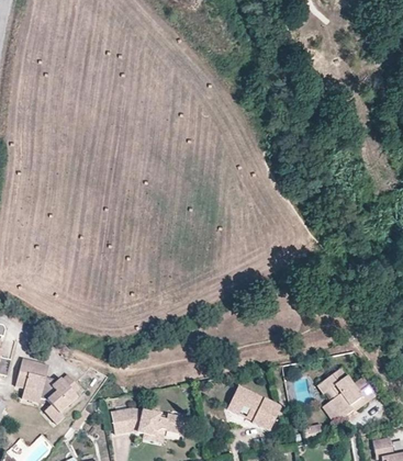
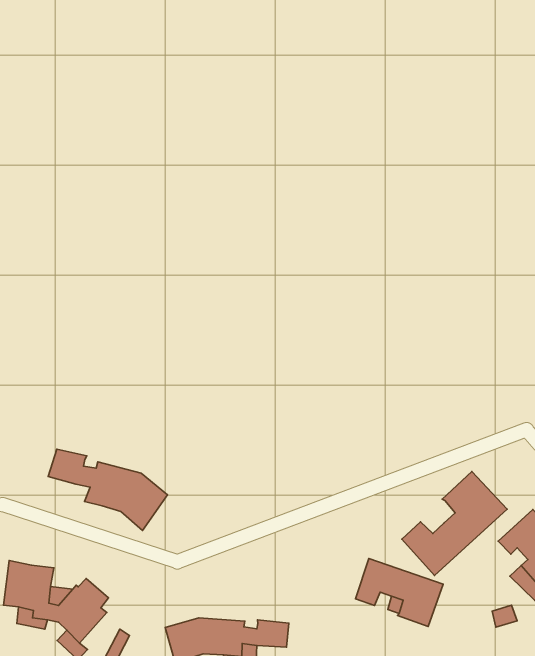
building: none -> [48,449,167,531]
building: none -> [402,471,507,575]

